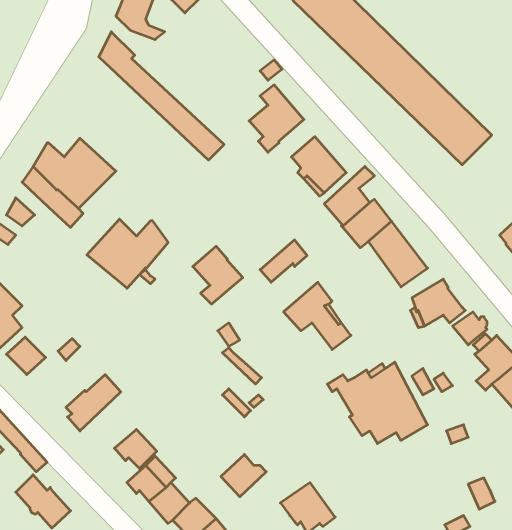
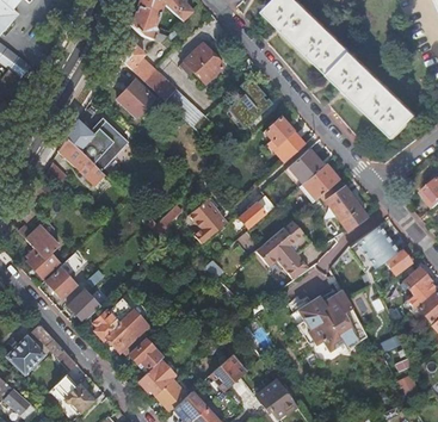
building: none -> [183,45,222,85]
building: none -> [117,80,154,117]
building: [87,219,168,288] -> none
building: none -> [66,291,98,323]
building: none -> [105,311,152,355]

